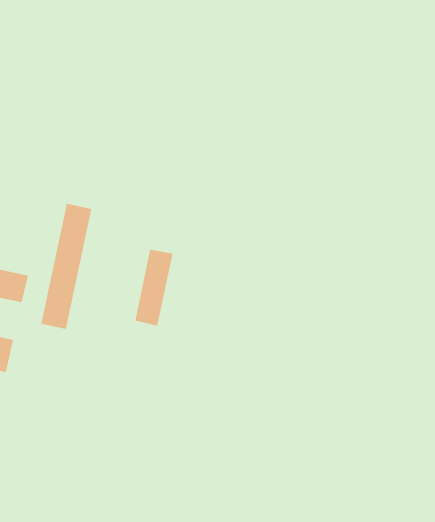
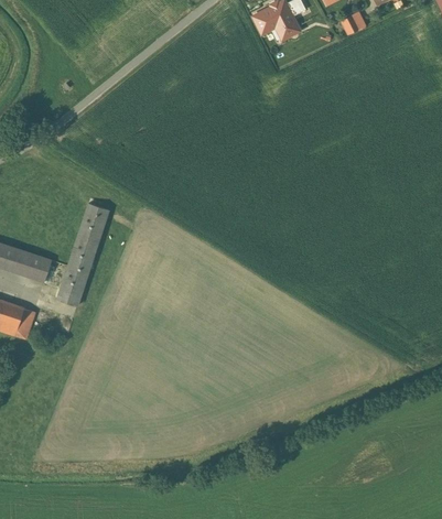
building: [135,249,173,327] -> none

